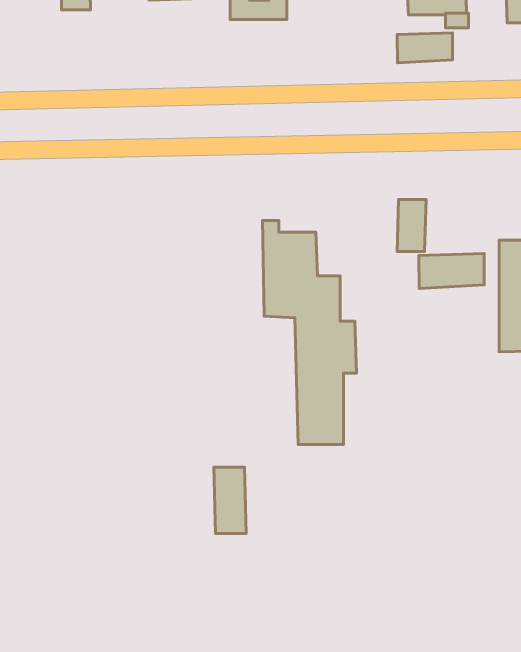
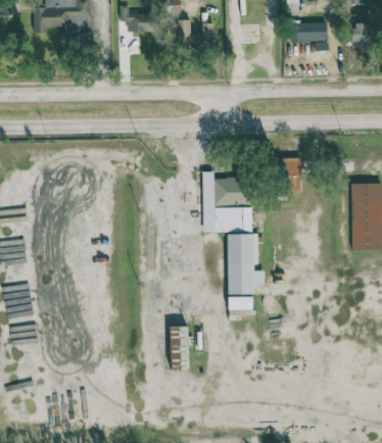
building: [397,33,452,63] -> none
building: [419,254,484,289] -> none

